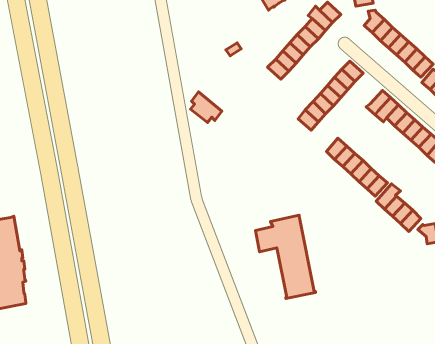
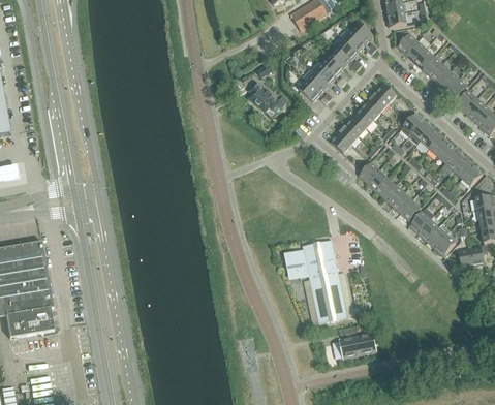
building: [190,92,222,122] -> [247,81,279,112]
building: none -> [338,333,376,359]

